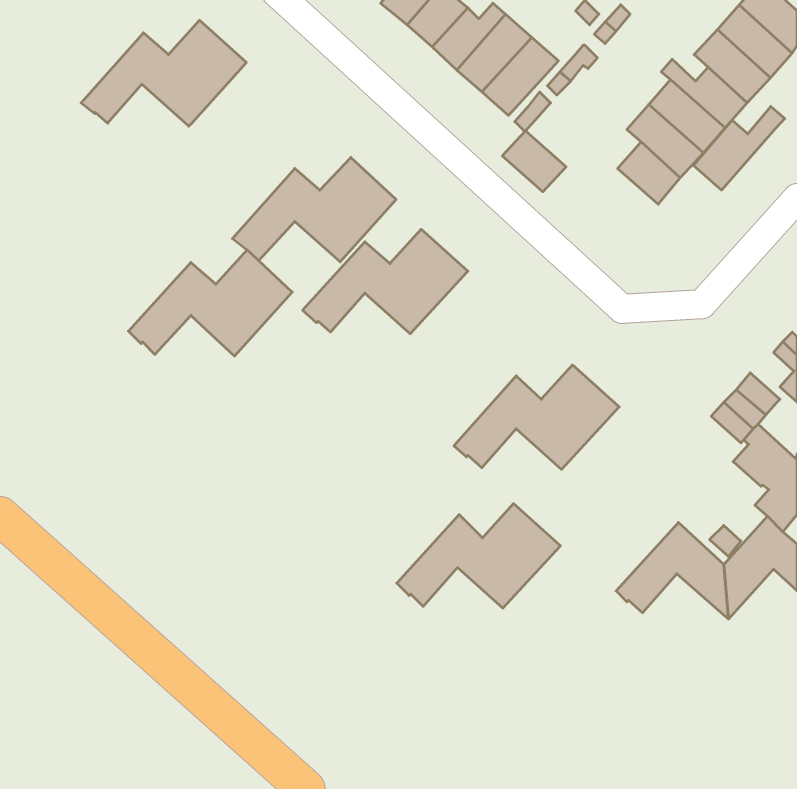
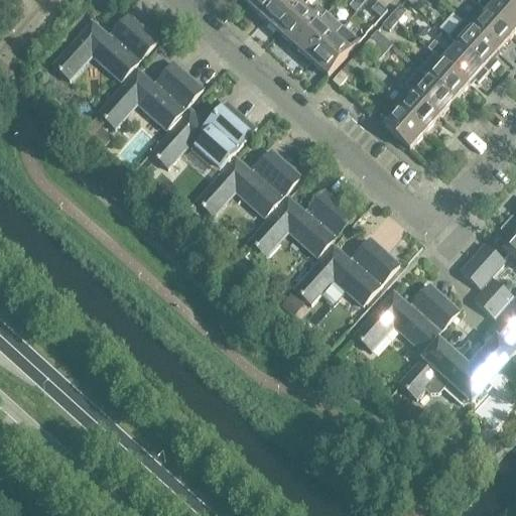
building: [694,106,785,190] -> none
building: [502,131,566,192] -> [384,109,425,148]
building: [128,250,292,356] -> [98,61,204,130]
building: none -> [249,189,355,257]
building: [397,504,560,608] -> [354,282,460,350]

